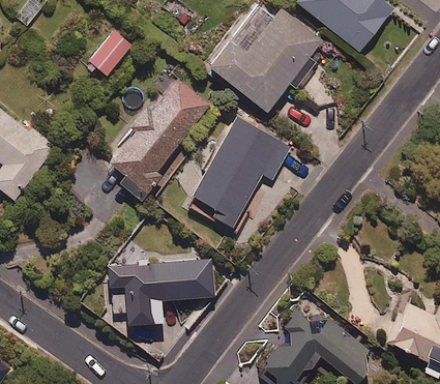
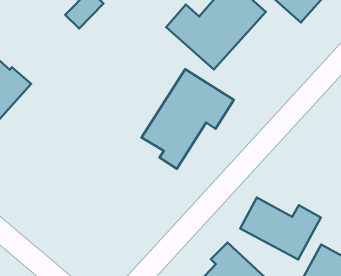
building: [110,76,211,191] -> none
building: none -> [240,197,321,260]
building: [108,261,216,328] -> none

